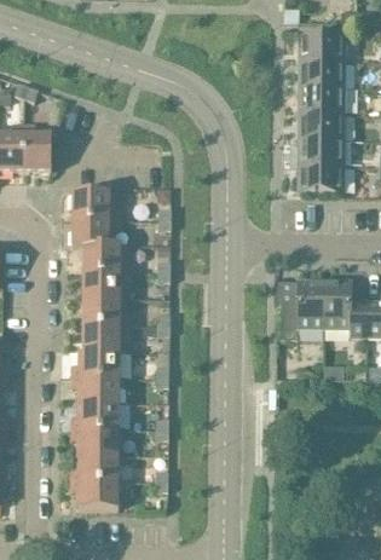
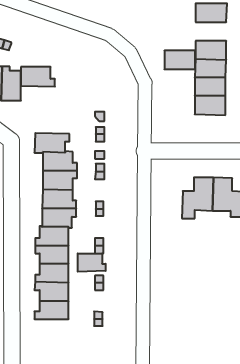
building: [299,60,342,87] -> [164,51,195,69]
building: [71,191,120,219] -> [21,67,55,87]
building: none -> [78,253,106,272]
building: [70,481,119,508] -> none

